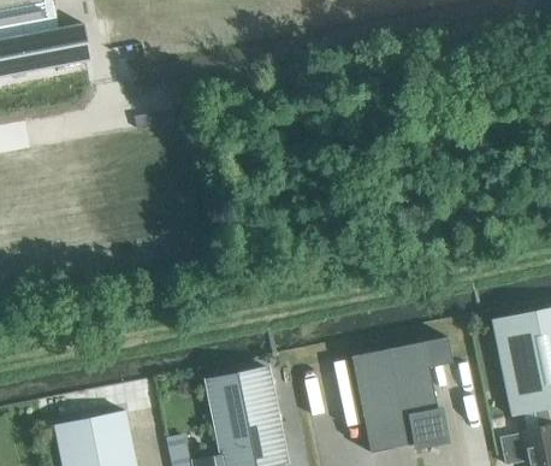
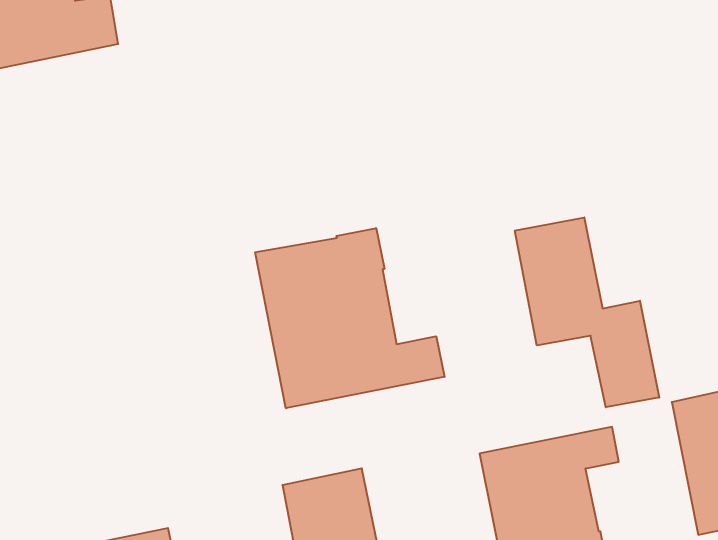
building: none -> [515,217,659,407]
building: none -> [255,228,445,408]

